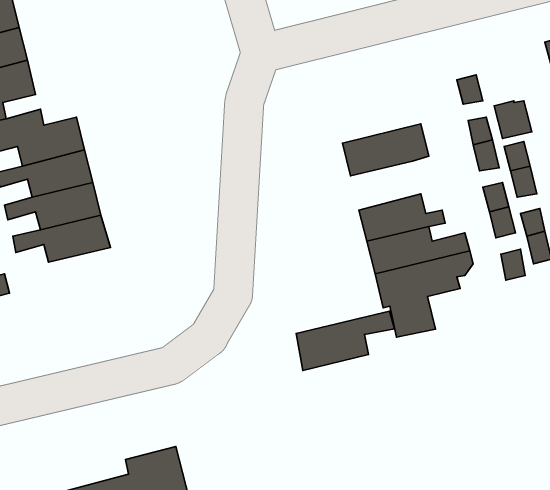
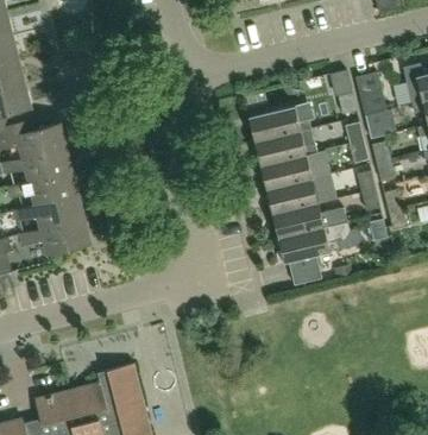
building: none -> [355,73,383,115]
building: none -> [248,95,315,143]
building: none -> [260,156,323,191]
building: none -> [20,219,92,254]
building: [296,311,395,371] -> none

